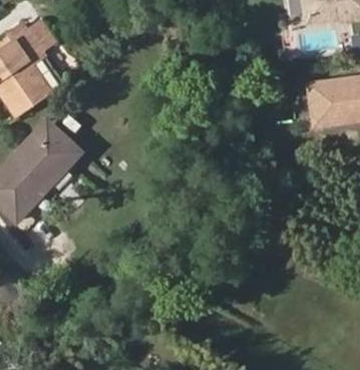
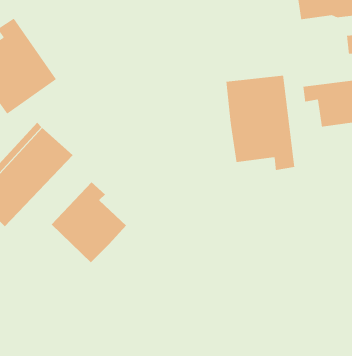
building: none -> [226,75,295,171]
building: none -> [51,182,127,263]

